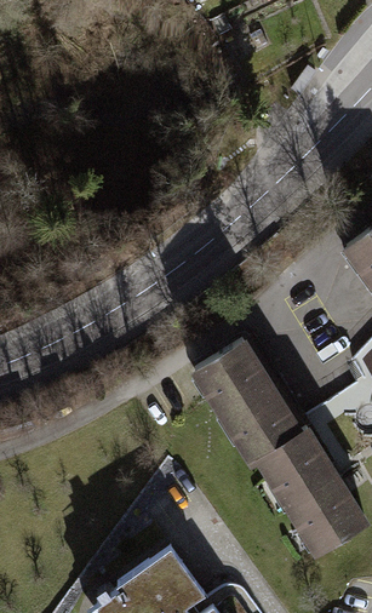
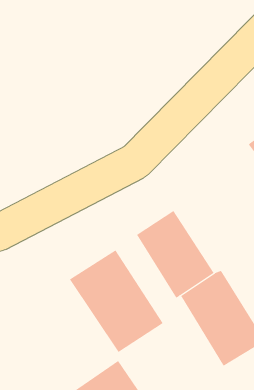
building: none -> [69,250,163,353]

